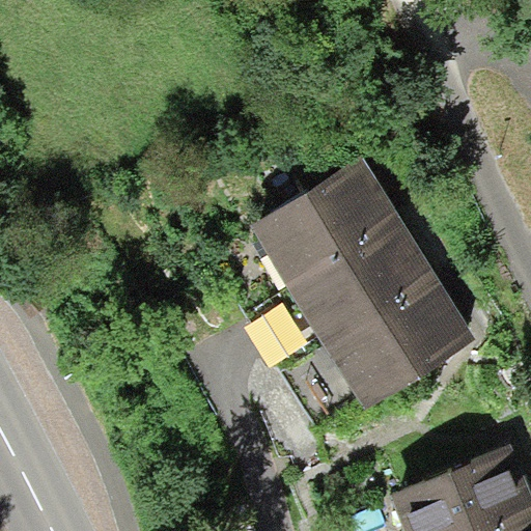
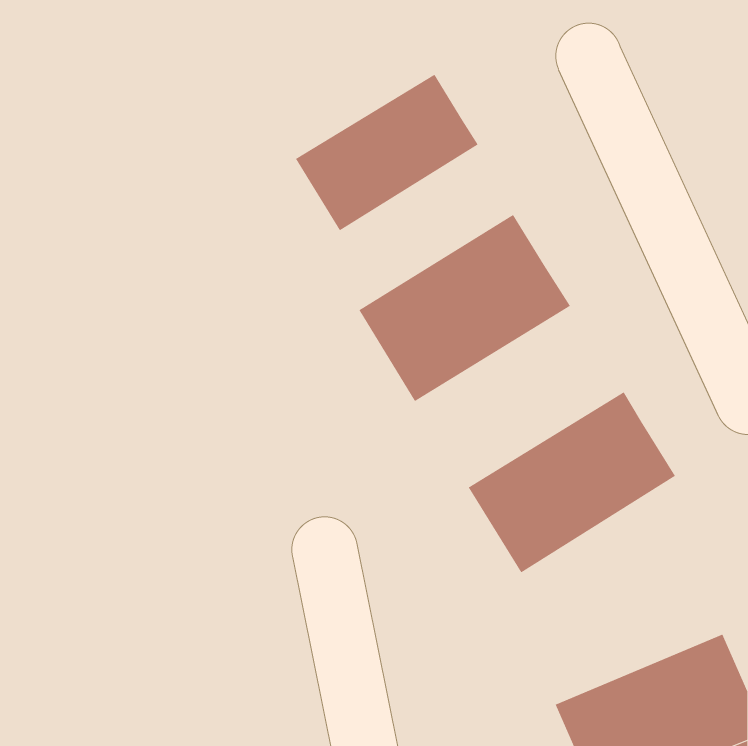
building: none -> [295,74,479,231]
building: [291,221,439,348] -> none

